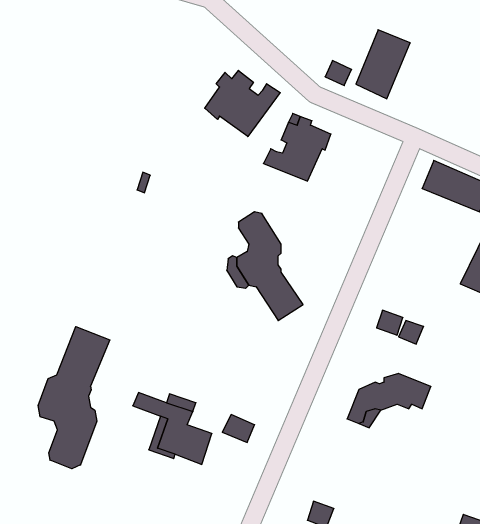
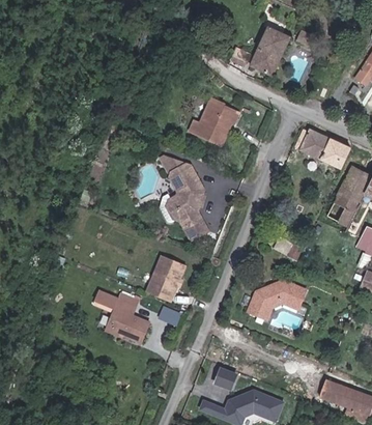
building: [205,70,280,137] -> none
building: [38,327,110,469] -> none
building: none -> [146,255,185,304]

